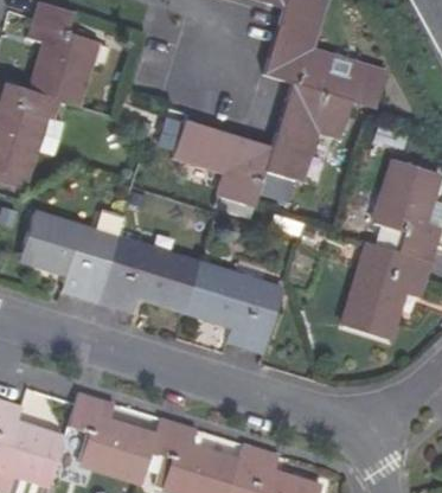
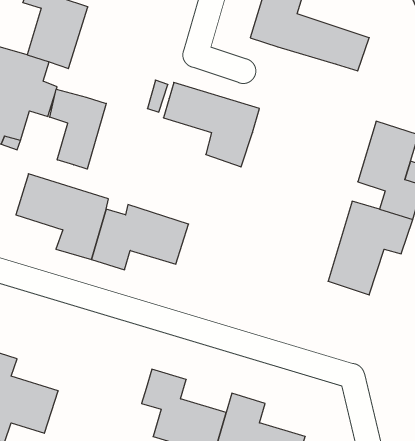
building: [265,82,352,181] -> none
building: none -> [50,89,106,169]
building: [186,265,283,353] -> none
building: [68,391,155,480] -> none

